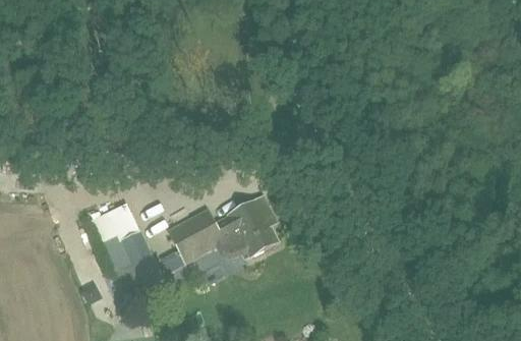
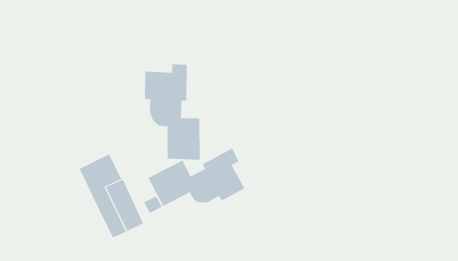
building: none -> [145,64,200,160]

